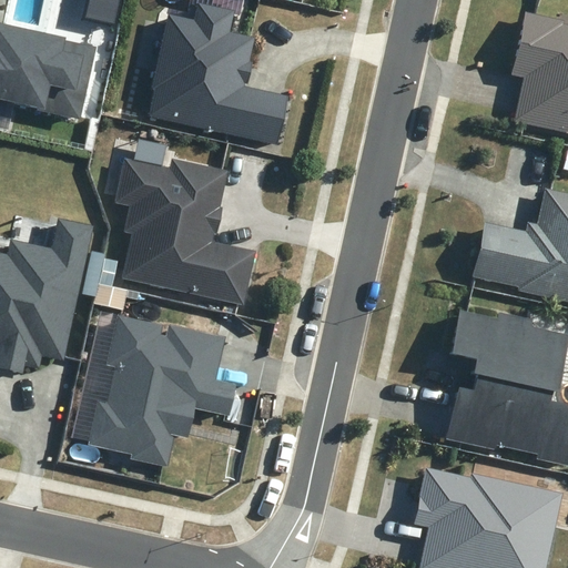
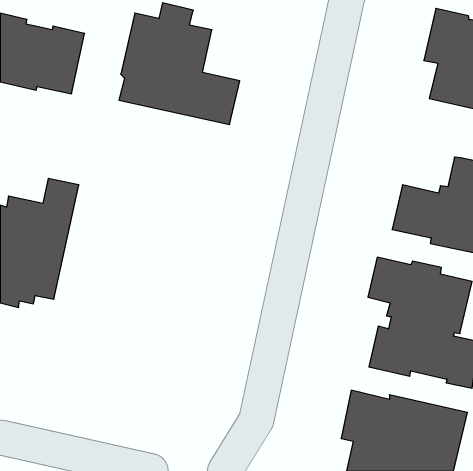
building: [115,159,254,307] -> none
building: [85,316,235,468] -> none

